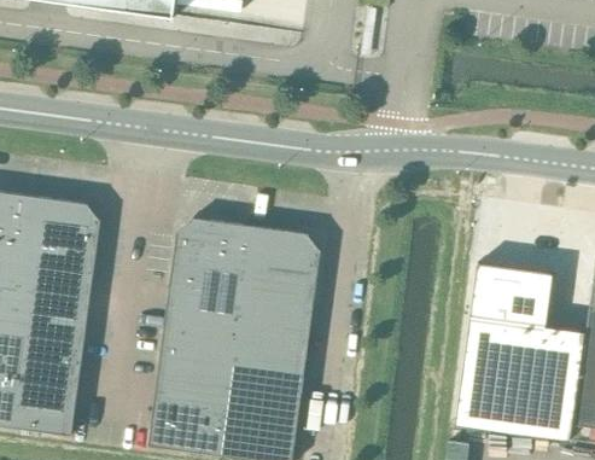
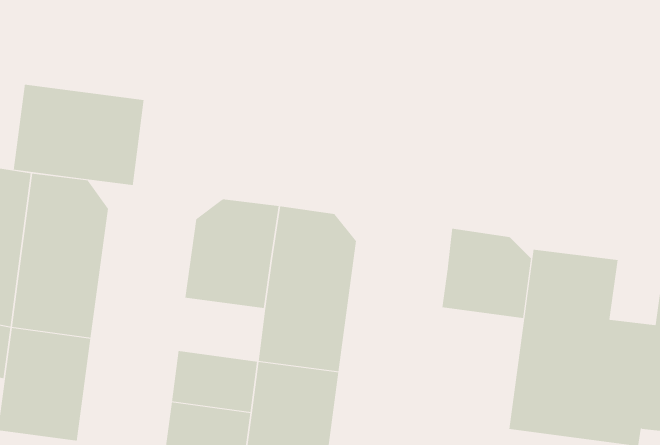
building: none -> [13,84,144,186]
building: none -> [442,228,532,319]
building: [161,307,238,363] -> none

